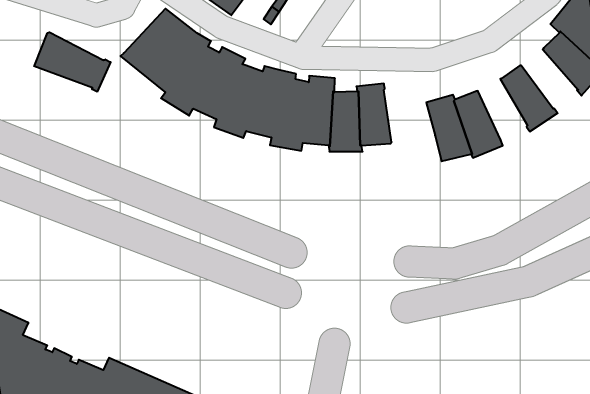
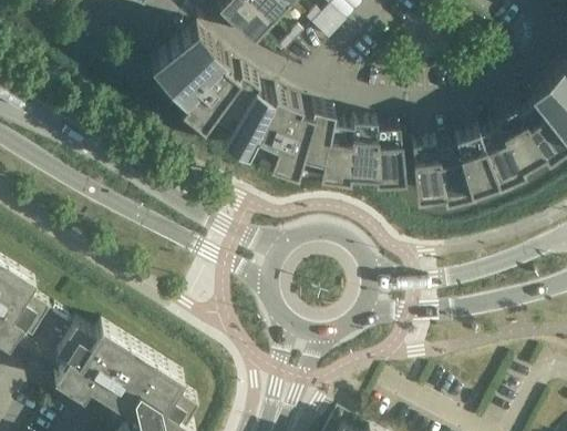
building: [34,32,111,92] -> none
building: none -> [495,110,544,168]
building: none -> [454,131,495,188]
building: none -> [373,127,403,182]

